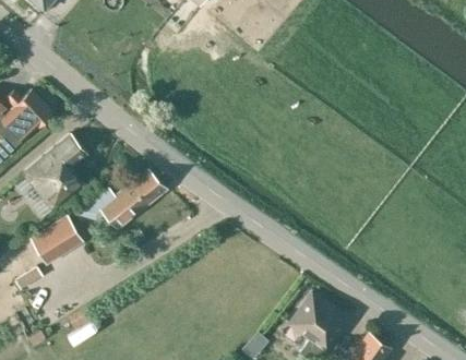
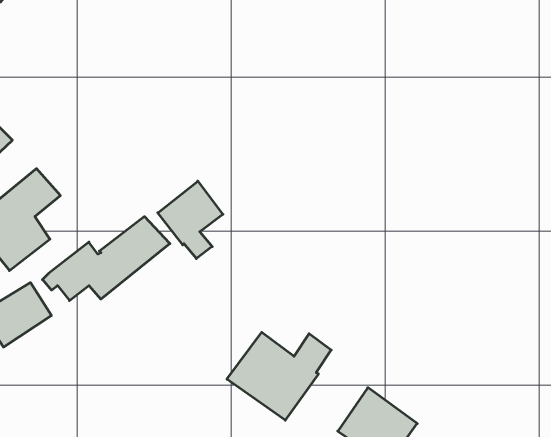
building: none -> [158,181,223,259]
building: none -> [227,332,331,420]

